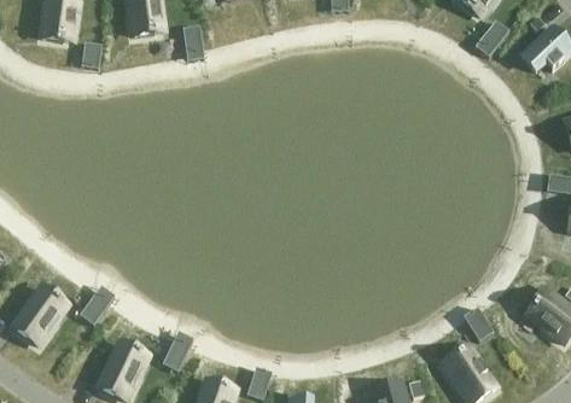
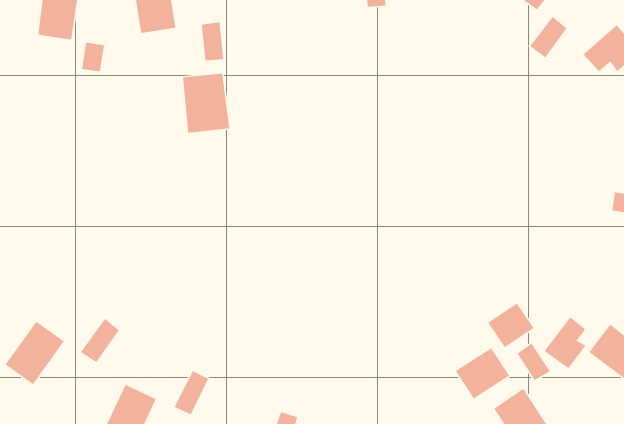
building: none -> [182,73,230,133]
building: none -> [487,302,534,348]
building: none -> [544,316,587,369]
building: none -> [455,347,510,399]

